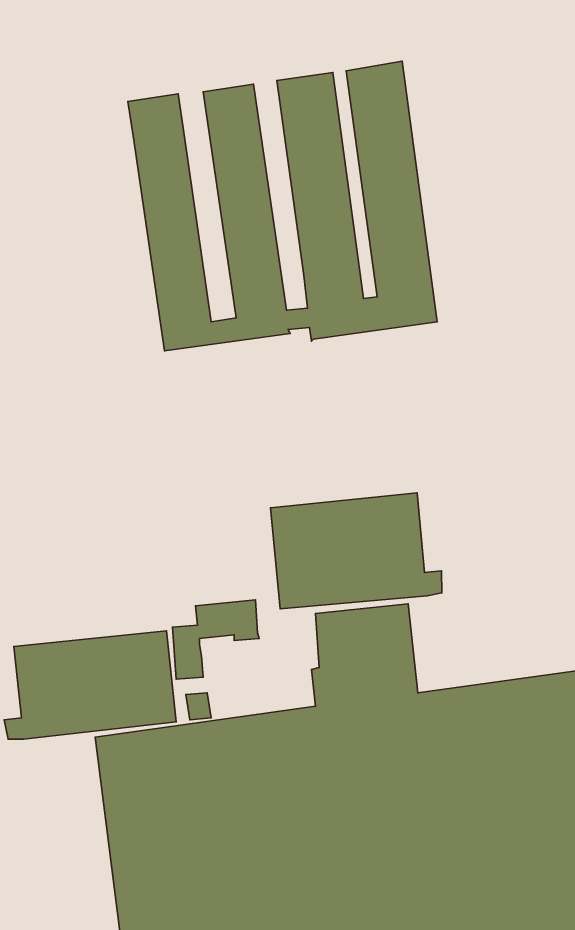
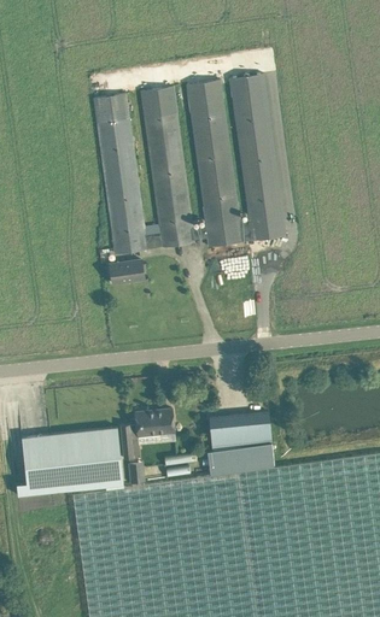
building: none -> [110,259,144,283]
building: [270,493,442,609] -> none

